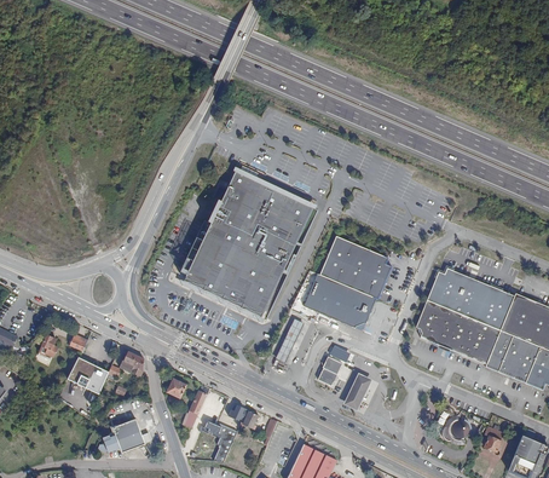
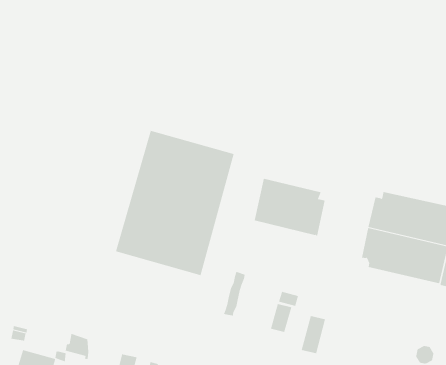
building: [305,272,376,327] -> none

